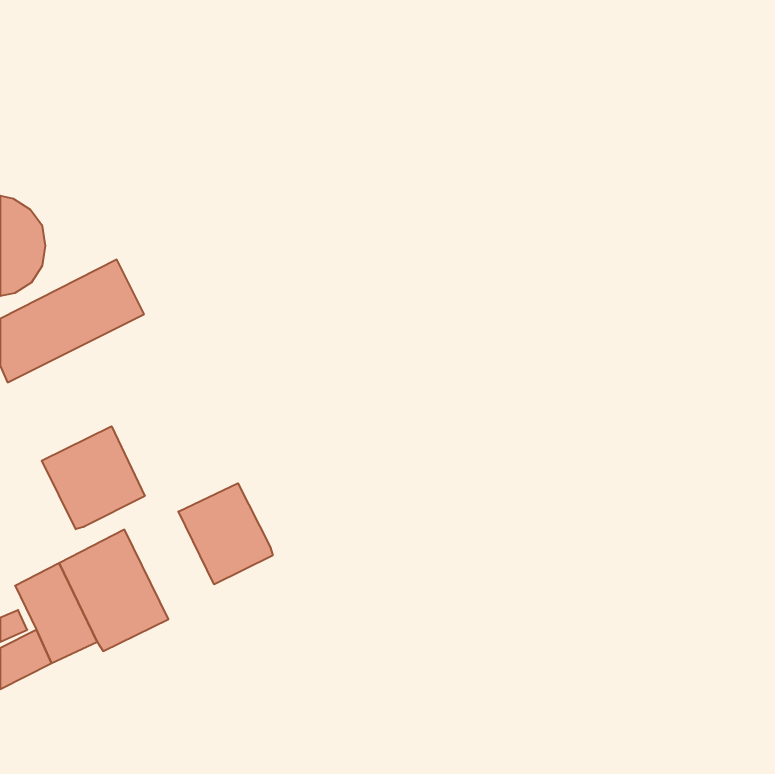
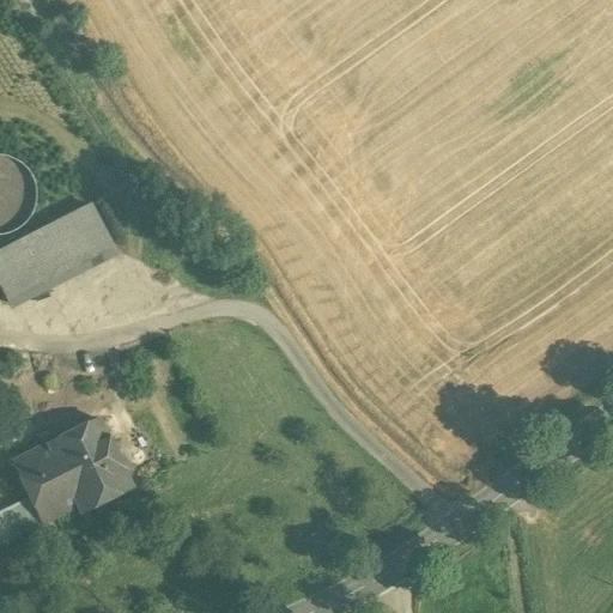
building: [42,426,145,529] -> none
building: [178,483,273,584] -> none

